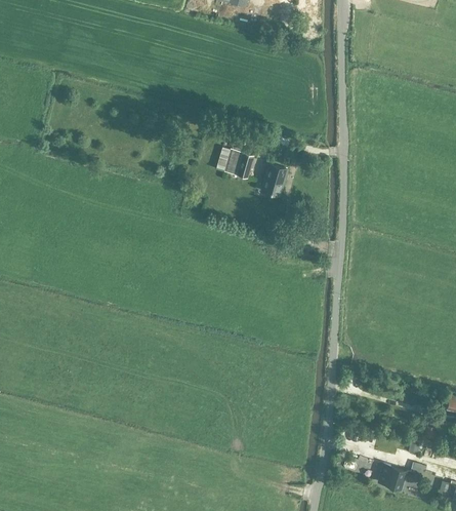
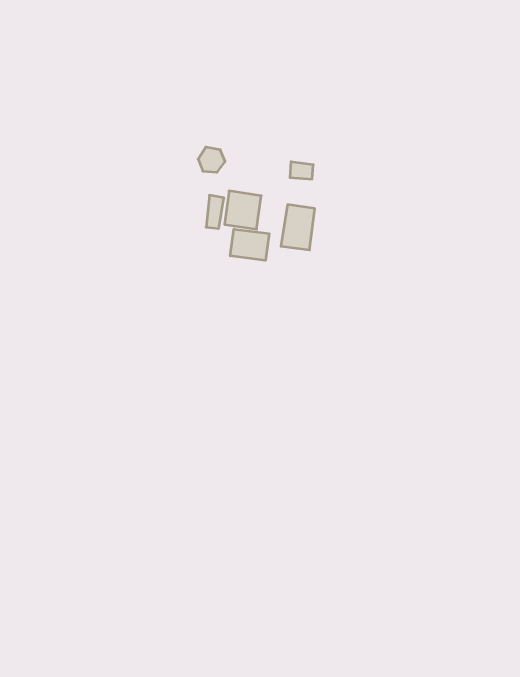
building: none -> [230,229,269,260]

